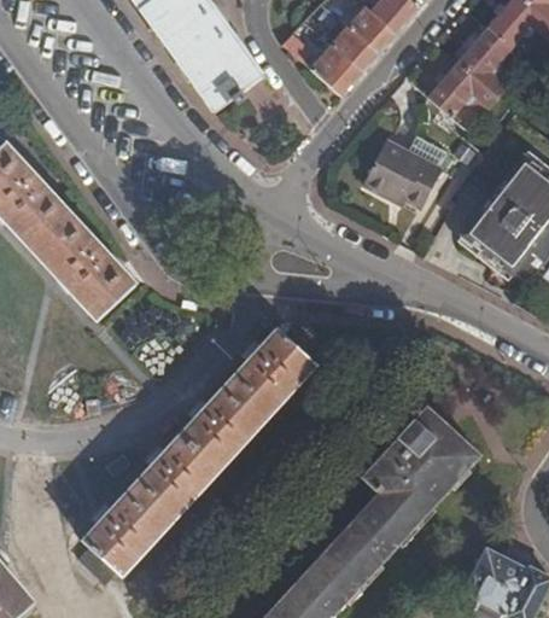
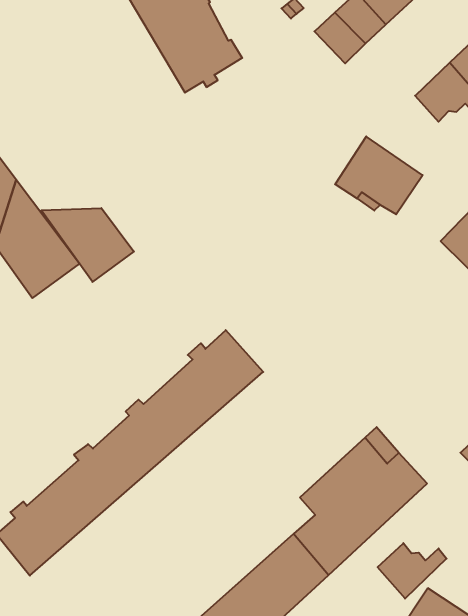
building: [309,46,362,97] -> none
building: none -> [41,208,134,282]
building: none -> [378,543,447,599]

